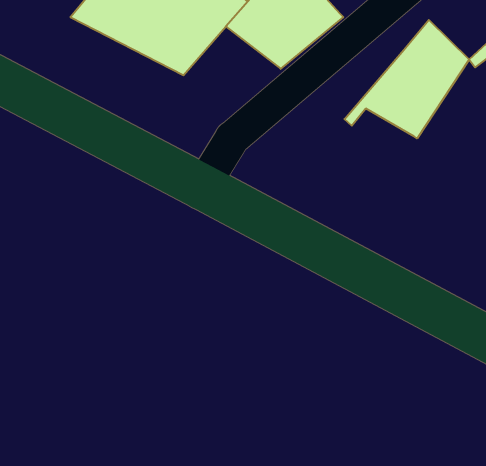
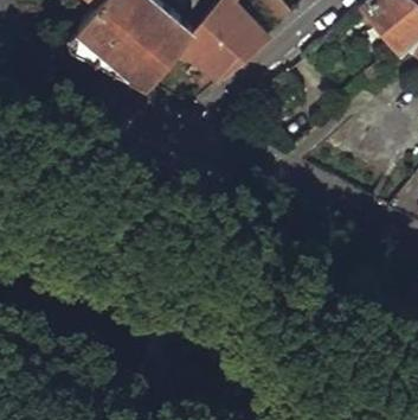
building: [344,20,469,138] -> none

